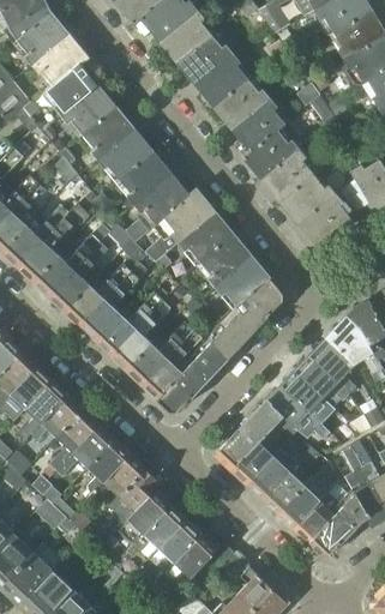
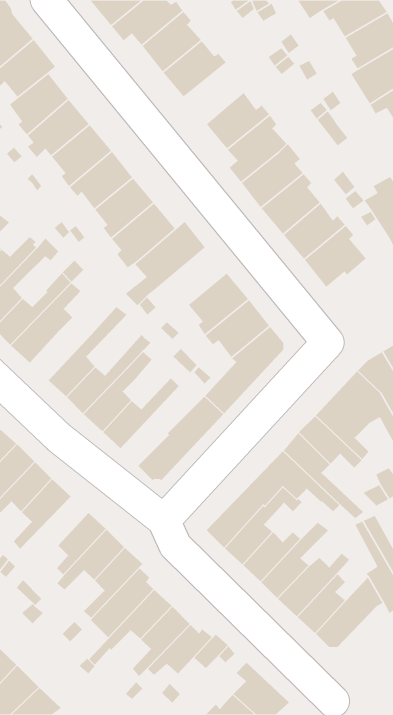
building: [195,54,247,107] -> none
building: [178,212,233,261] -> none
building: [64,240,146,326] -> none
building: [142,331,199,399] -> none
building: [55,426,114,477] -> none

